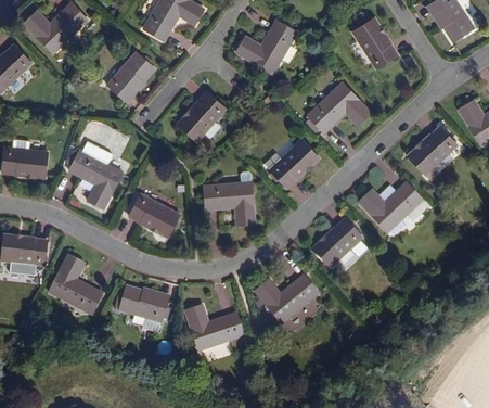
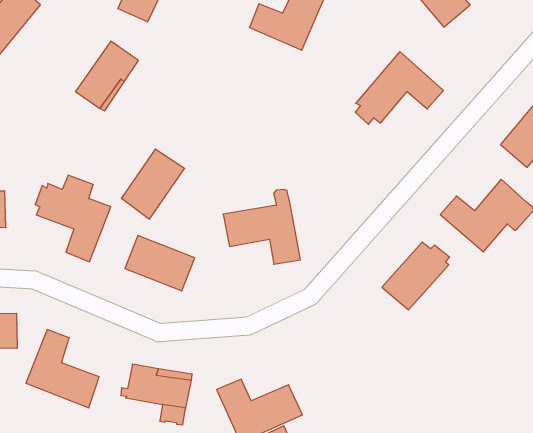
building: [178,91,226,141] -> [121,149,185,219]
building: [269,139,319,188] -> none
building: [255,275,318,323] -> none

